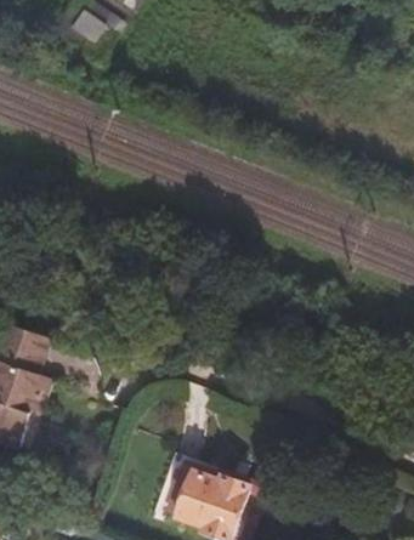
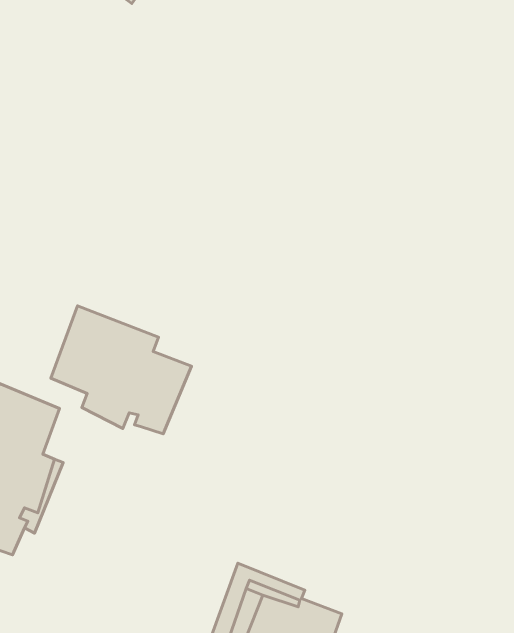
building: none -> [51,306,192,434]

